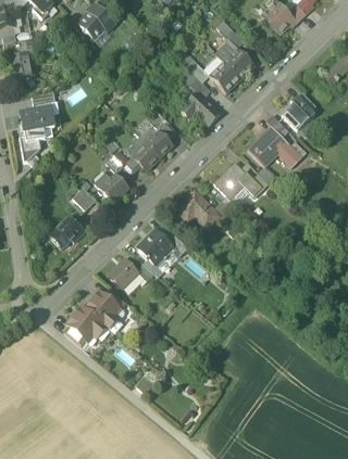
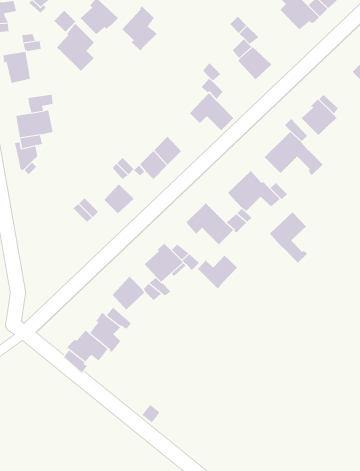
building: none -> [122,5,158,52]
building: none -> [56,23,95,72]
building: [209,62,239,93] -> none
building: none -> [269,212,308,264]
building: [51,217,85,246] -> none
building: none -> [197,255,238,290]

